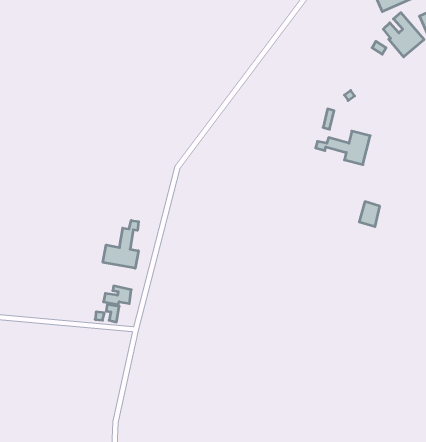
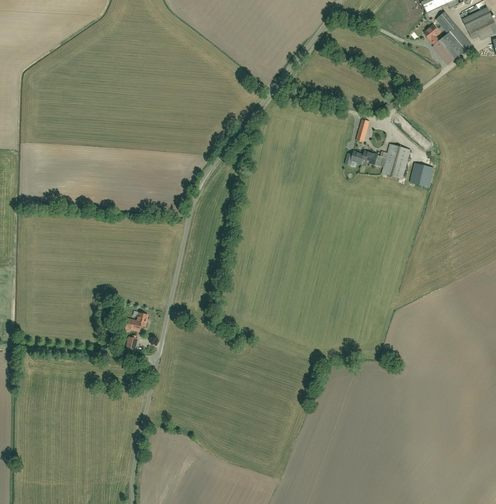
building: [359,202,380,227] -> [411,162,433,189]
building: [103,220,139,268] -> none

